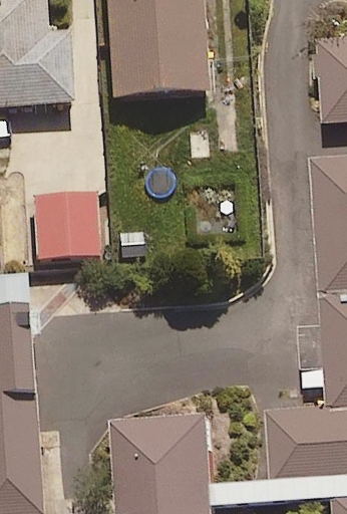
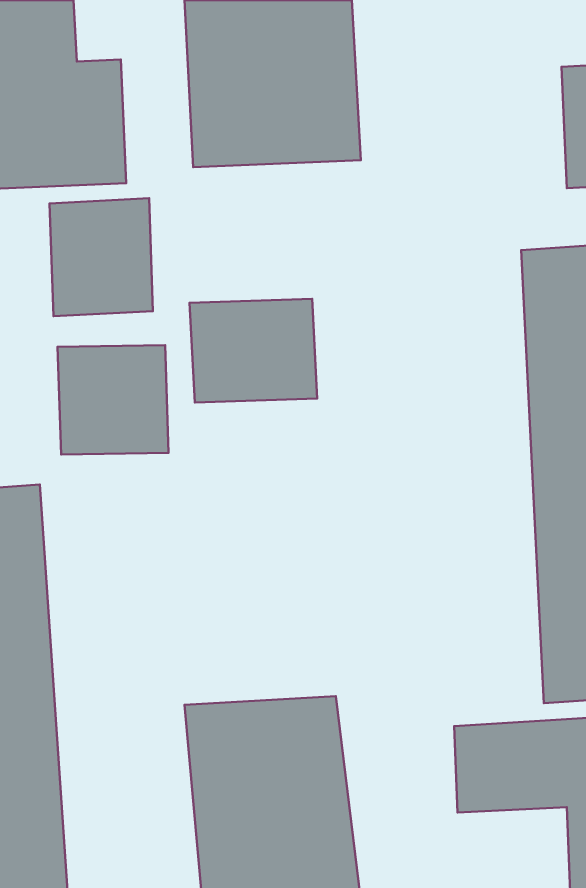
building: none -> [50,198,153,316]
building: none -> [190,299,317,403]

